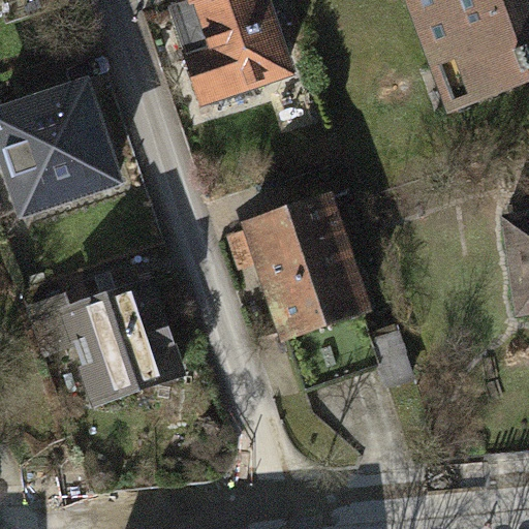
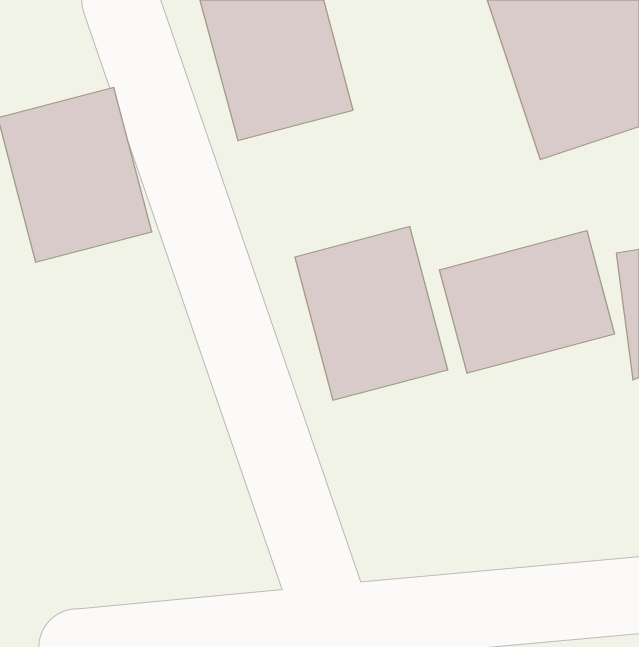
building: none -> [439,231,615,373]
building: [54,262,179,405] -> none

